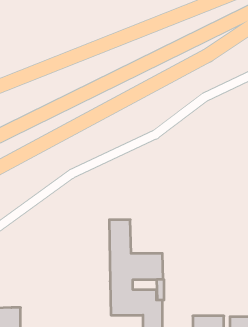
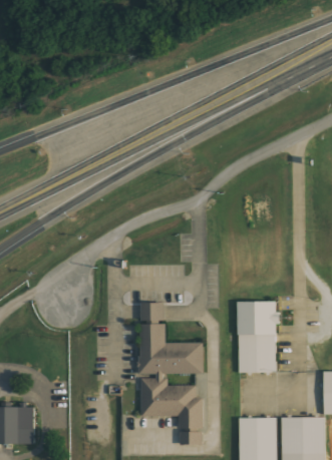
building: none -> [237,301,276,373]

